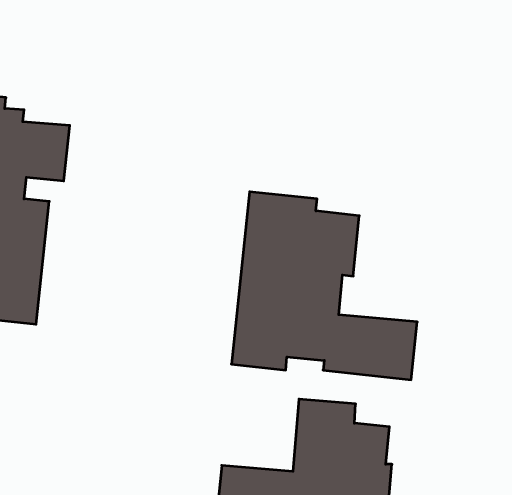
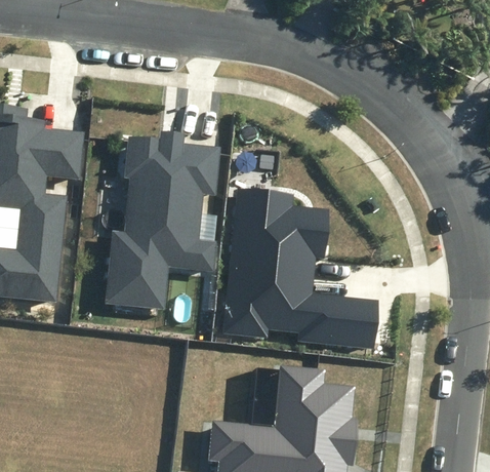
building: none -> [104,131,220,311]

